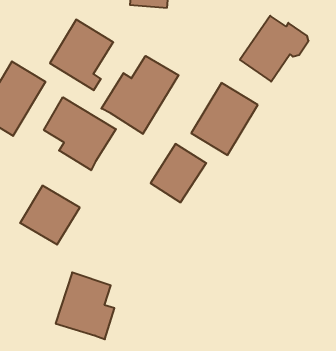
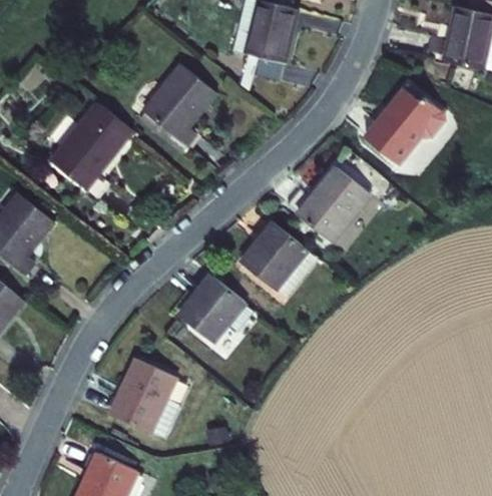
building: [101,56,179,134] -> none
building: [44,97,116,170] -> none
building: [20,186,80,245] -> [174,274,247,345]

